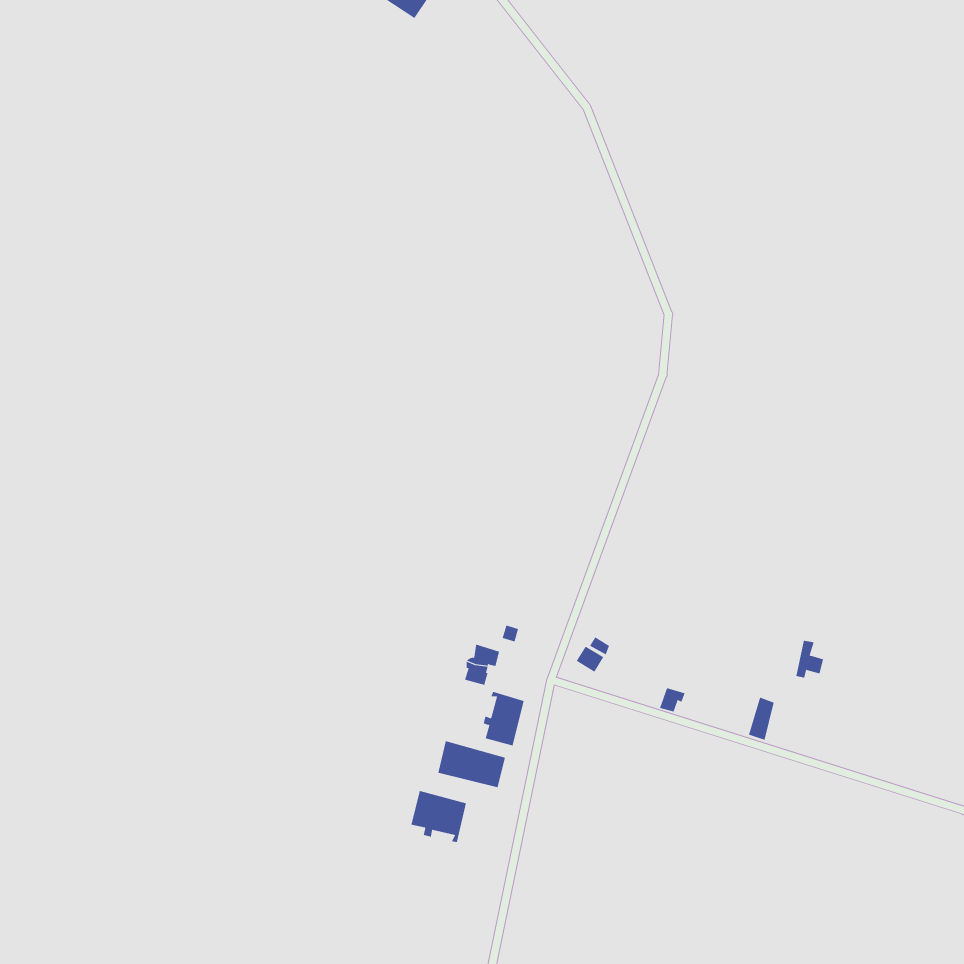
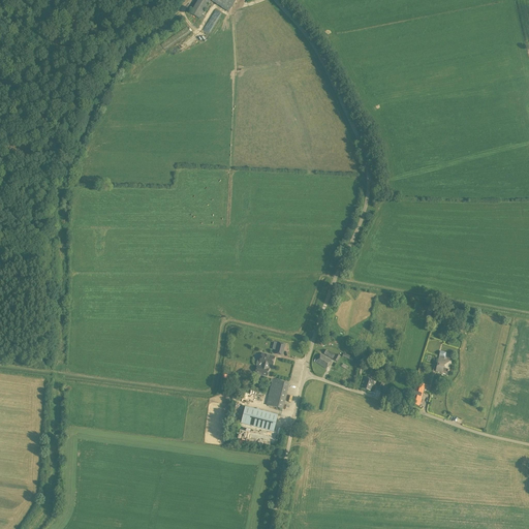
building: [411,790,466,843] -> none

